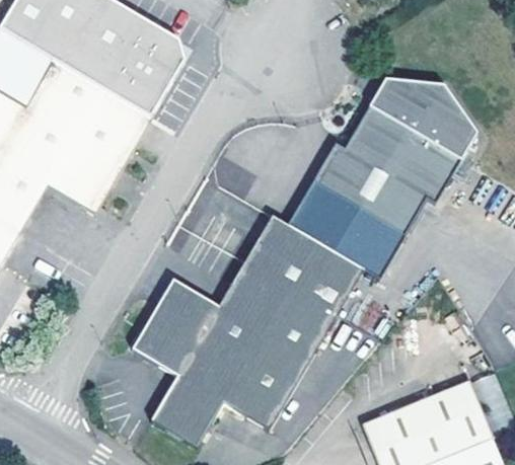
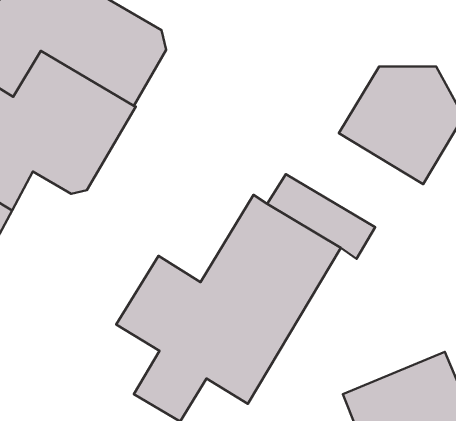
building: [304,137,428,246] -> none

